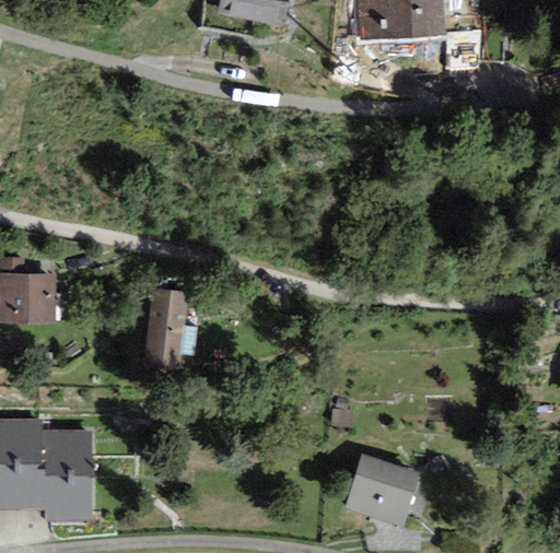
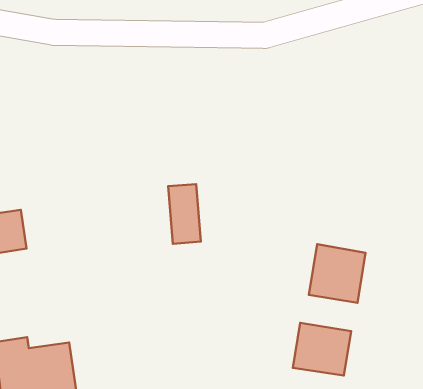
building: [148,291,185,361] -> [168,184,201,244]
building: none -> [309,244,366,303]

